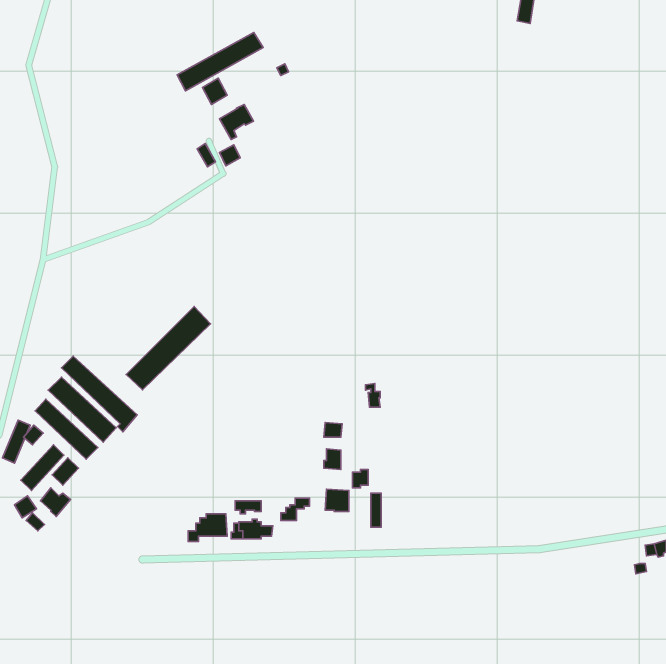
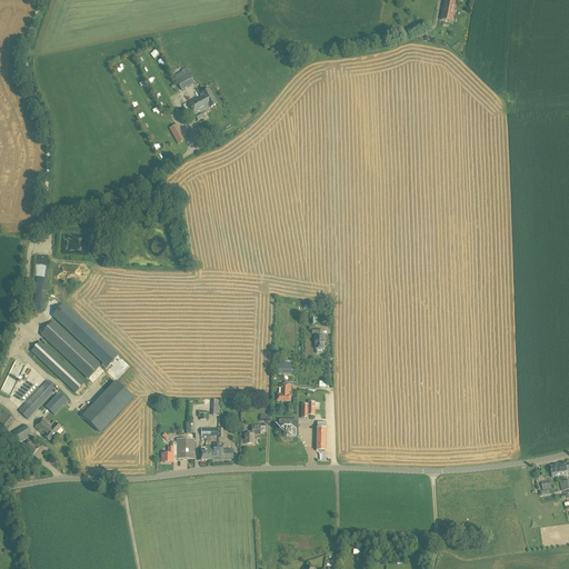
building: [177,33,263,91] -> none
building: [126,307,210,390] -> none
building: none -> [82,380,132,431]

